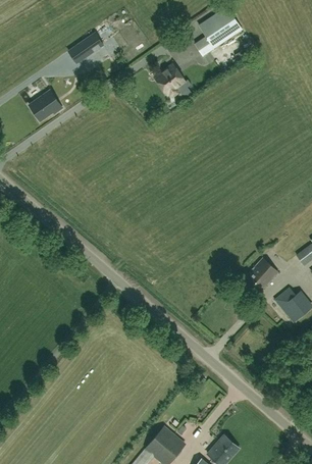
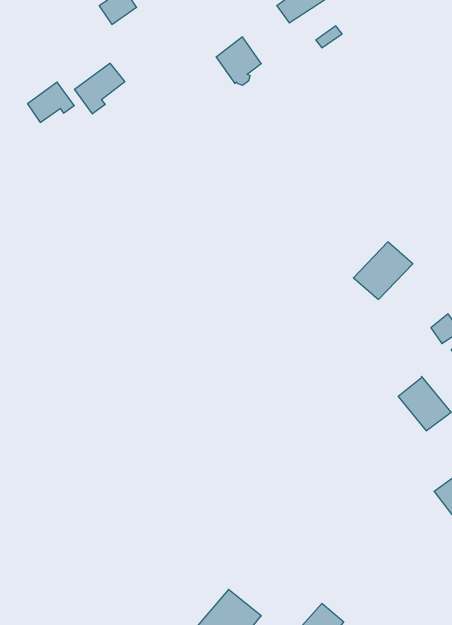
building: none -> [74,63,125,114]
building: [240,258,278,296] -> [353,242,413,299]

